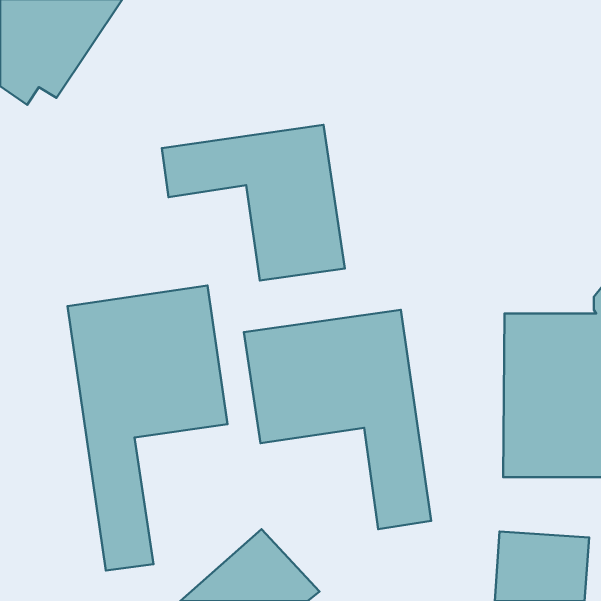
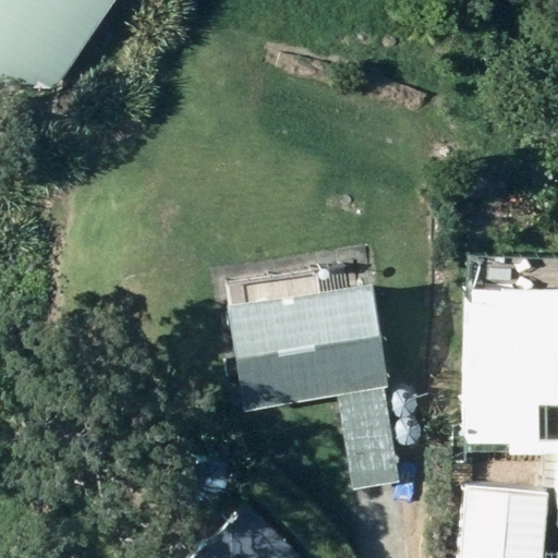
building: [162,125,345,280] -> none
building: [68,285,227,570] -> none

